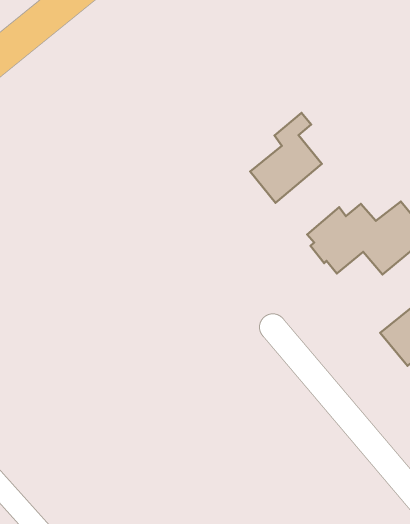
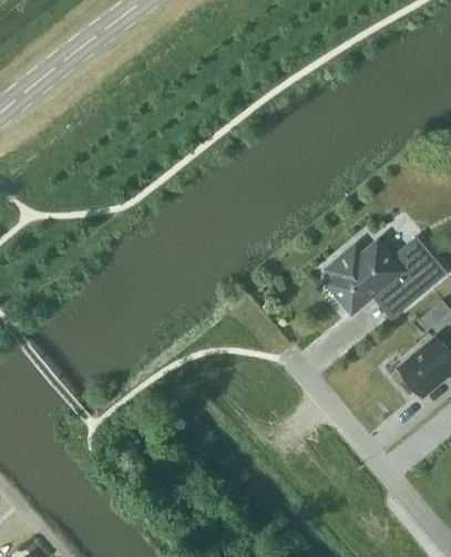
building: [250,113,322,203] -> none

